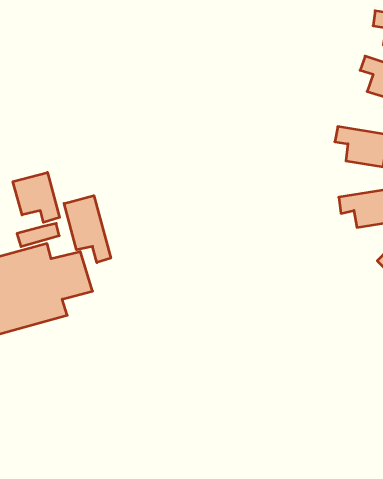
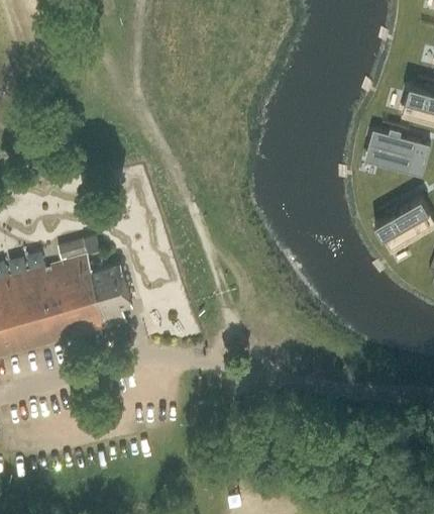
building: [13,172,60,222] -> none
building: [64,196,111,263] -> none

